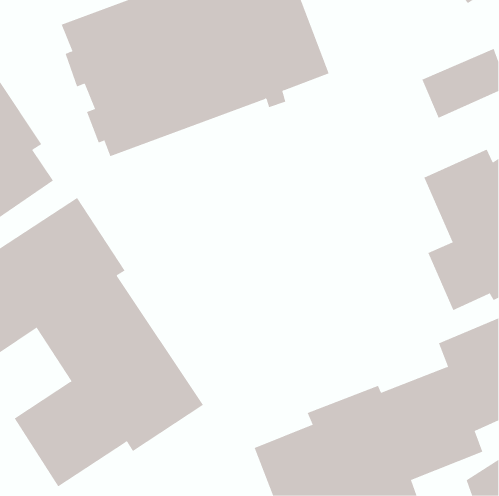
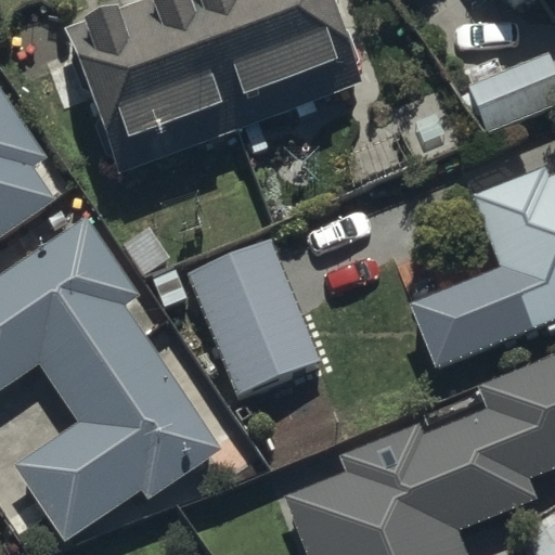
building: none -> [184,237,321,396]

